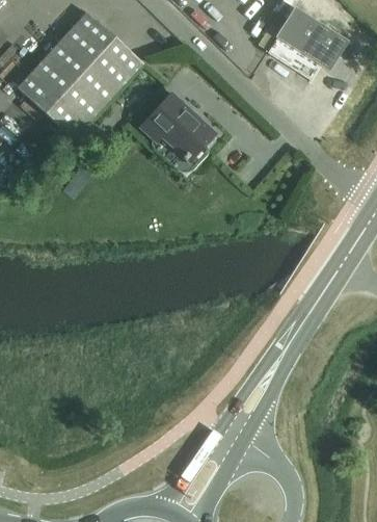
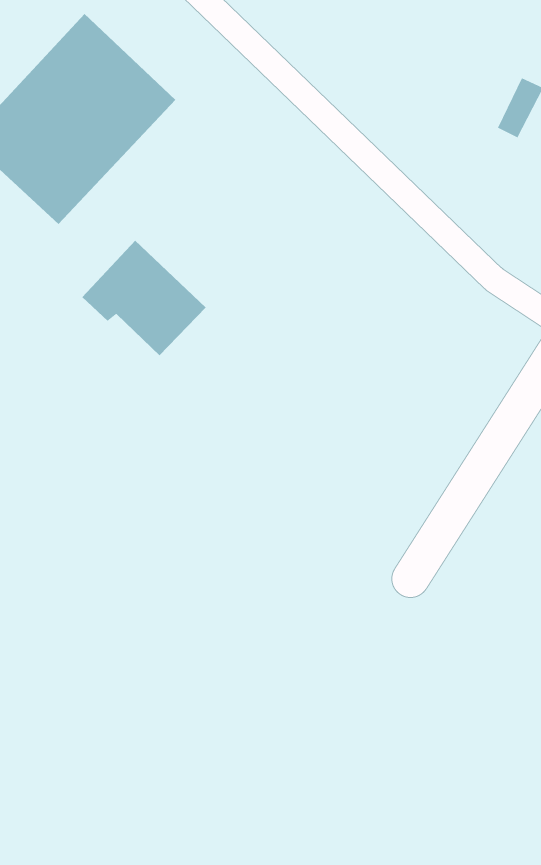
building: [268,7,339,79] -> none
building: [141,92,216,161] -> [81,240,206,356]

